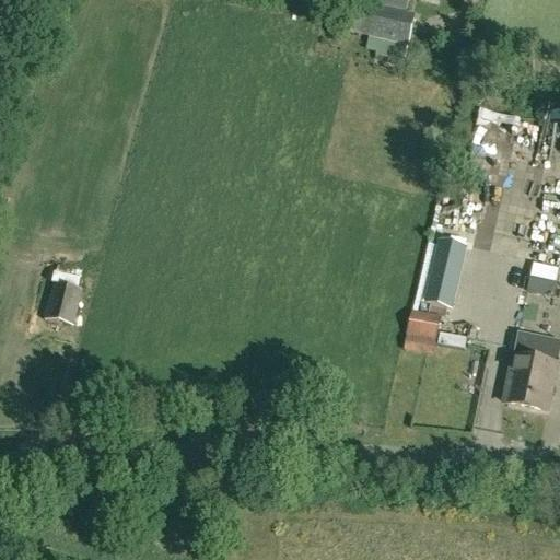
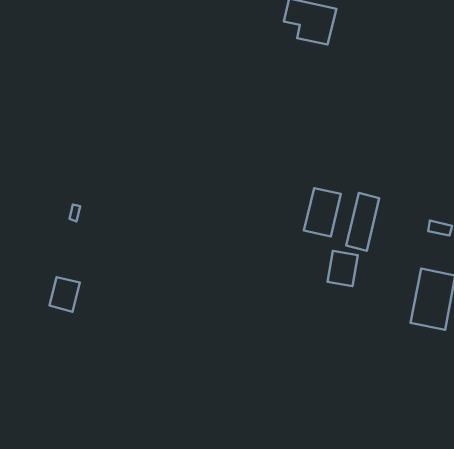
building: none -> [304,188,341,237]
building: [46,280,83,323] -> [49,277,80,312]

